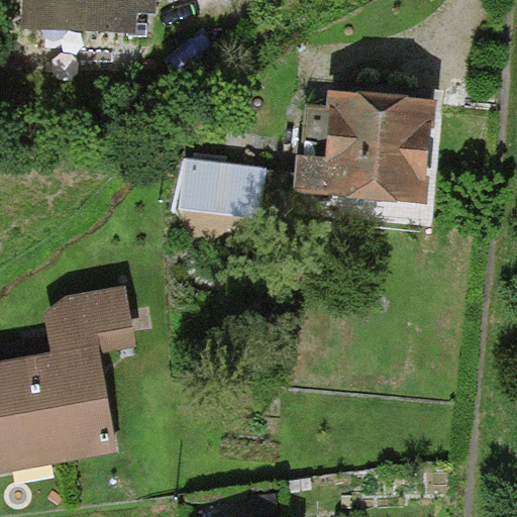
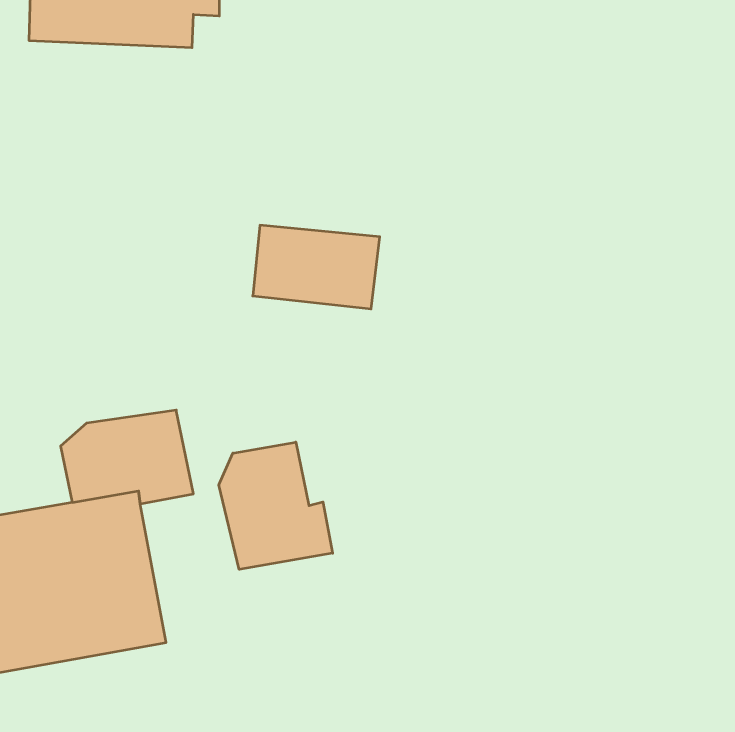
building: [293,91,431,205] -> none
building: none -> [219,442,333,569]

